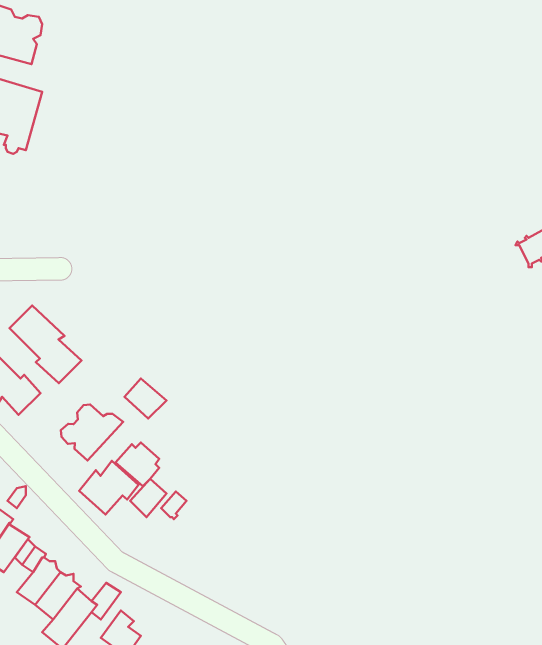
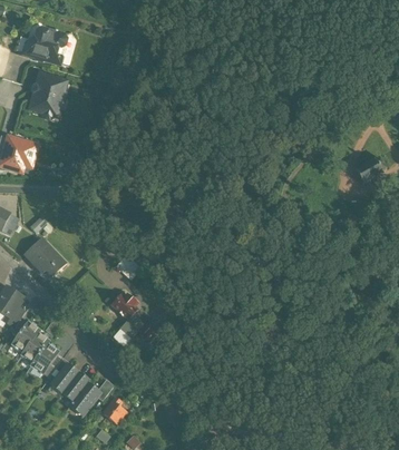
building: [10,306,82,383] -> none
building: [61,404,123,461] -> none
building: [79,461,138,515] -> none

